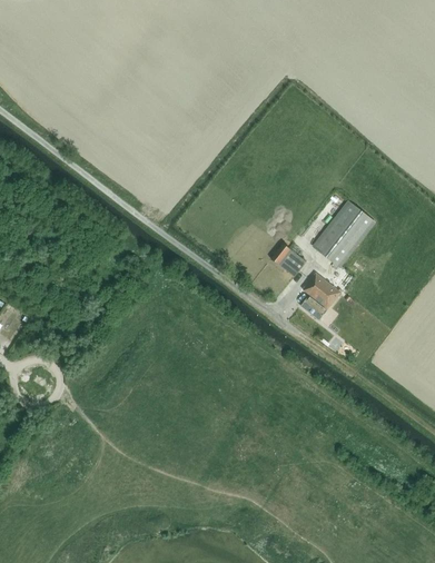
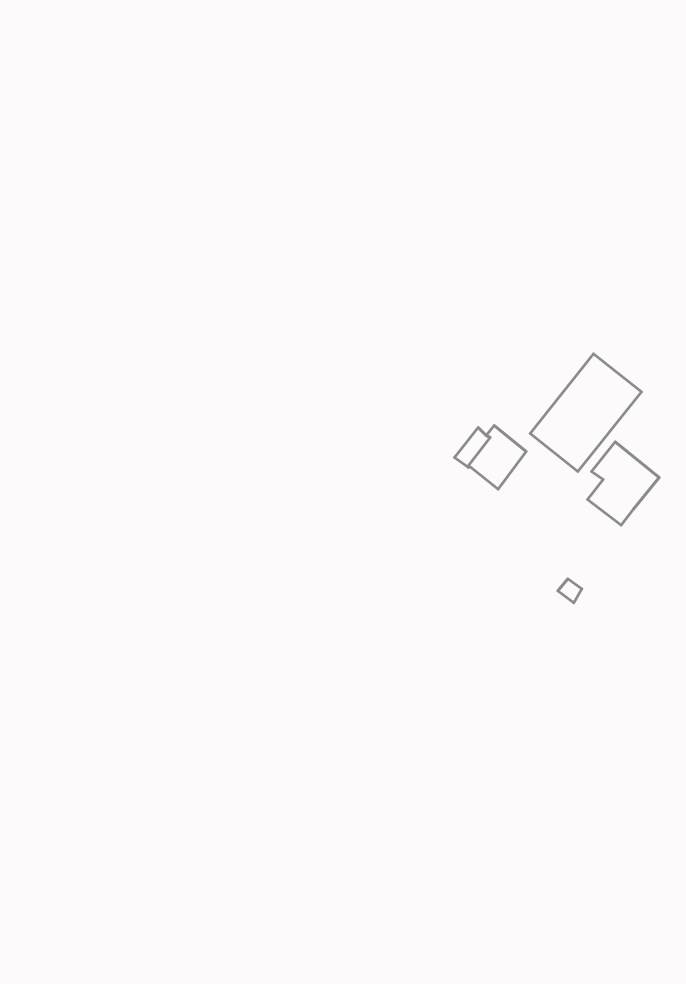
building: [299,273,339,319] -> [587,442,659,525]

